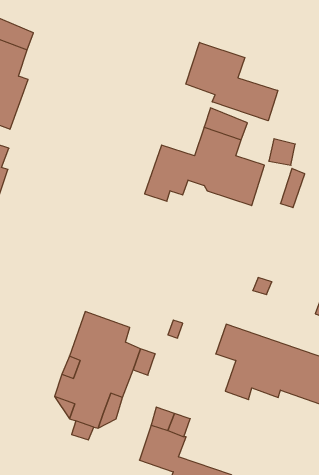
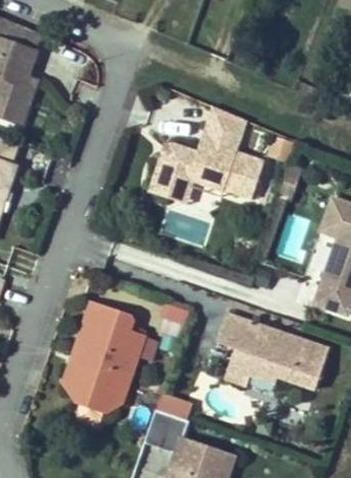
building: [186,42,278,121] -> none

